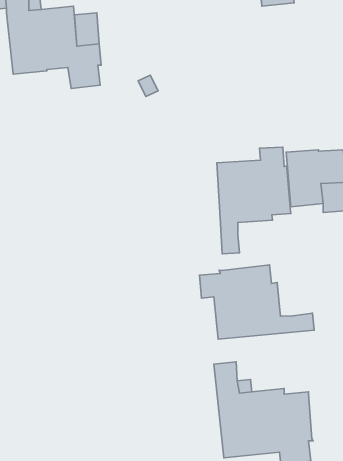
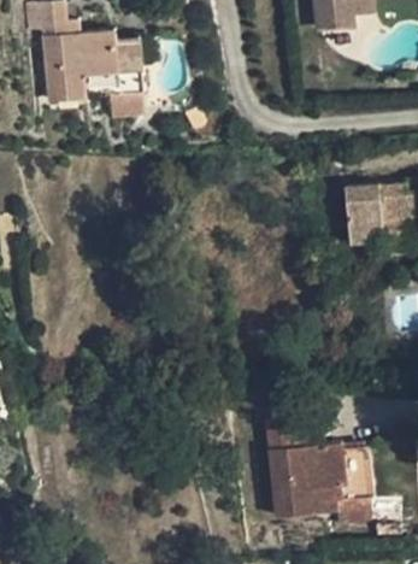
building: [217,147,291,254] -> none
building: [199,265,314,339] -> none

